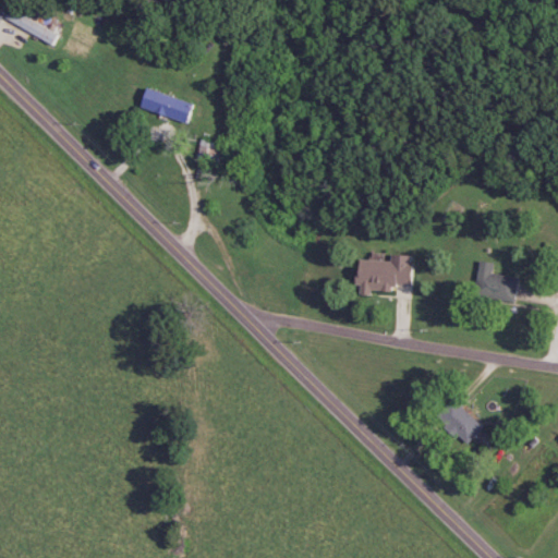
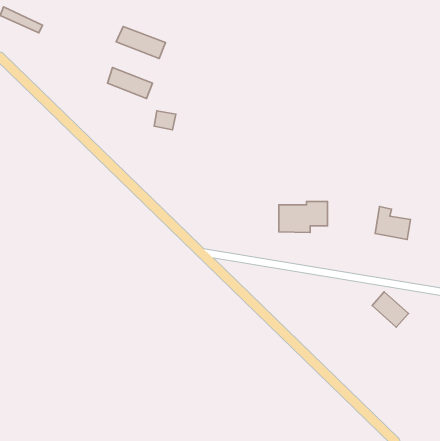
building: none -> [116,26,166,59]
building: [437,399,483,444] -> [372,292,408,327]

